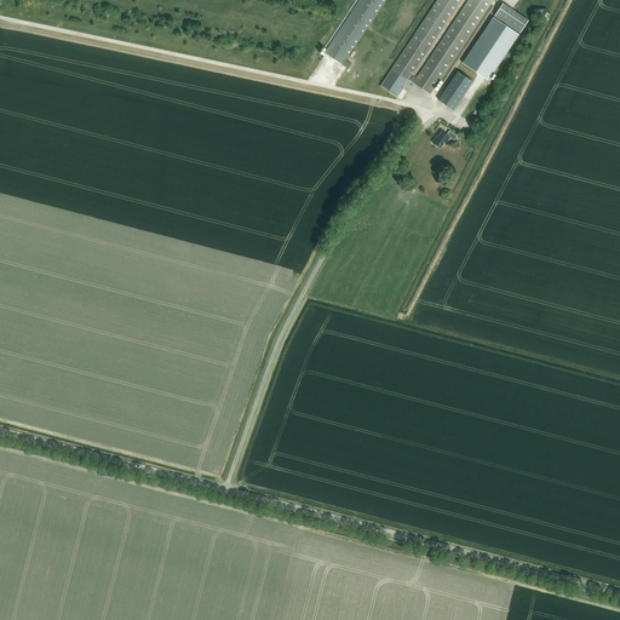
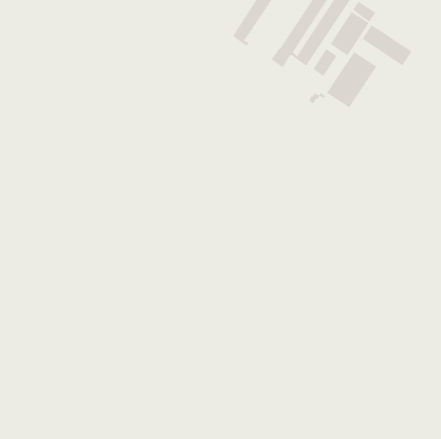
building: none -> [362,24,412,66]
building: none -> [326,51,377,108]

